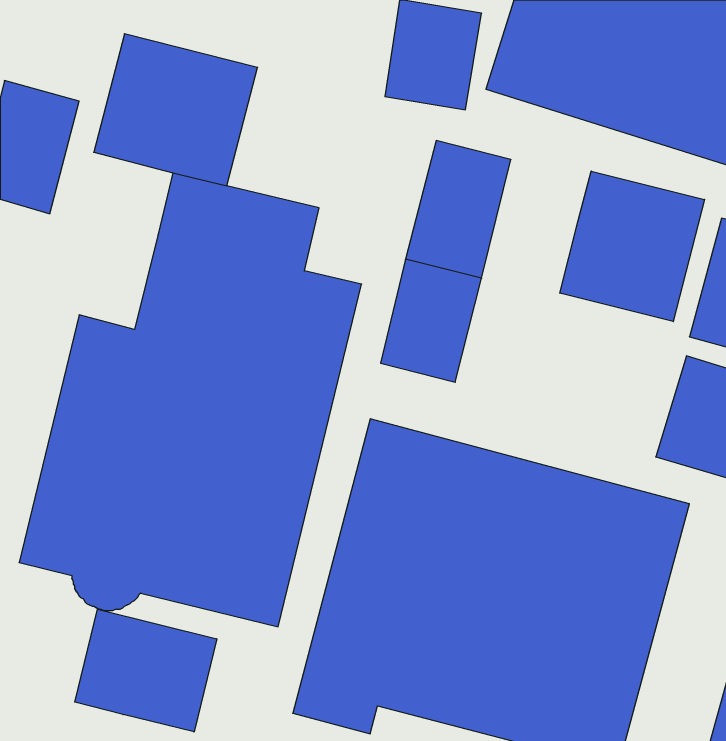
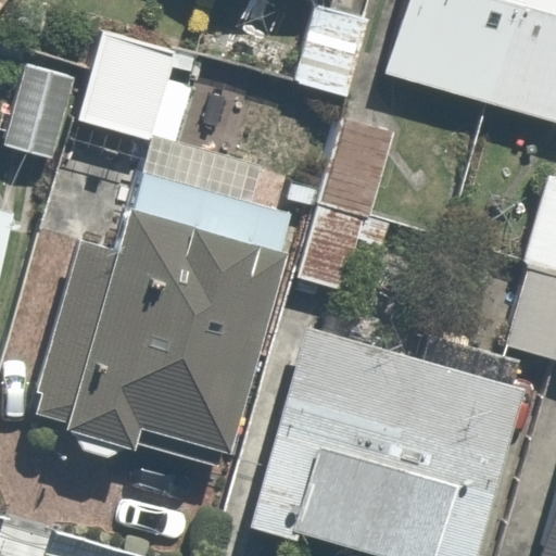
building: [560,171,705,322] -> none
building: [75,609,217,732] -> none

